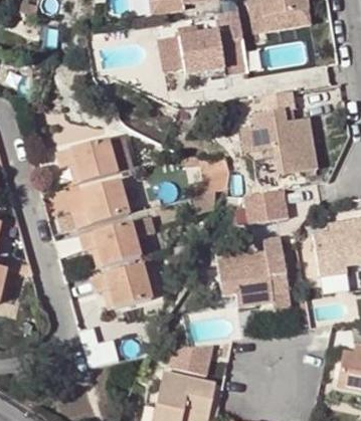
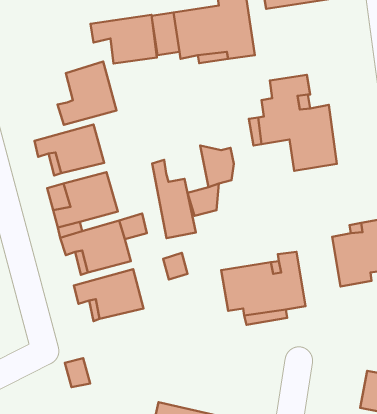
building: none -> [91,15,157,64]
building: none -> [57,61,117,125]
building: none -> [152,160,196,238]
building: [247,191,295,222] -> none
building: [177,345,220,373] -> none

